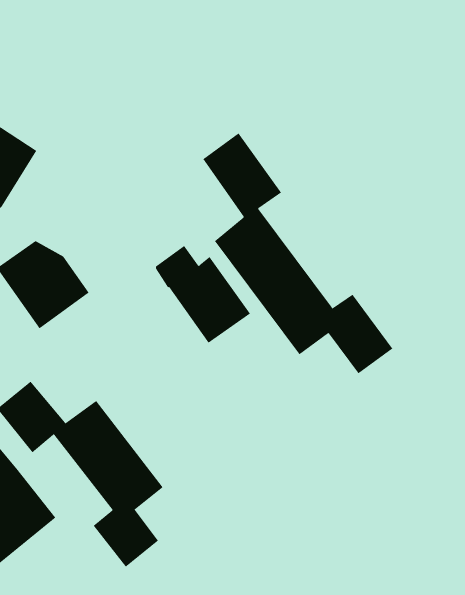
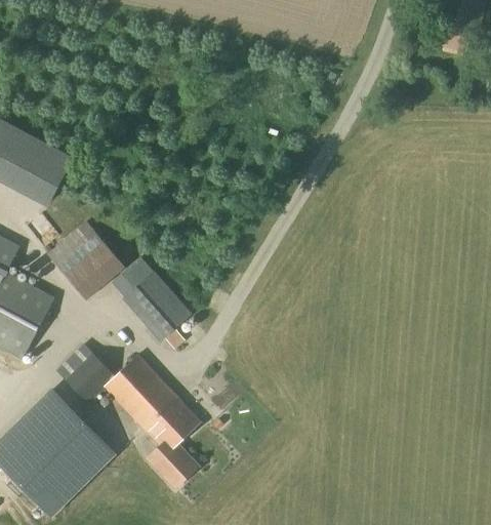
building: [203,133,393,374] -> none
building: [155,245,251,343] -> [111,262,193,341]

